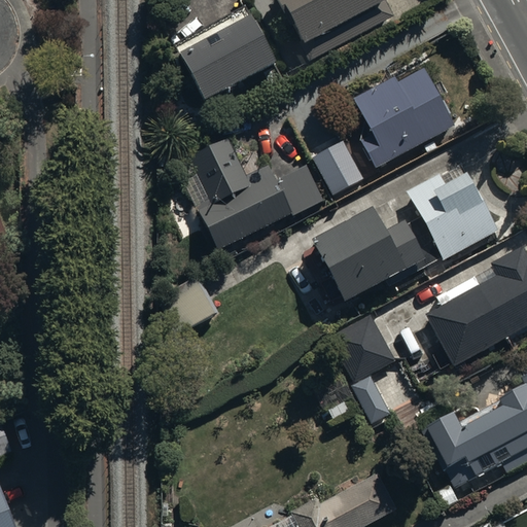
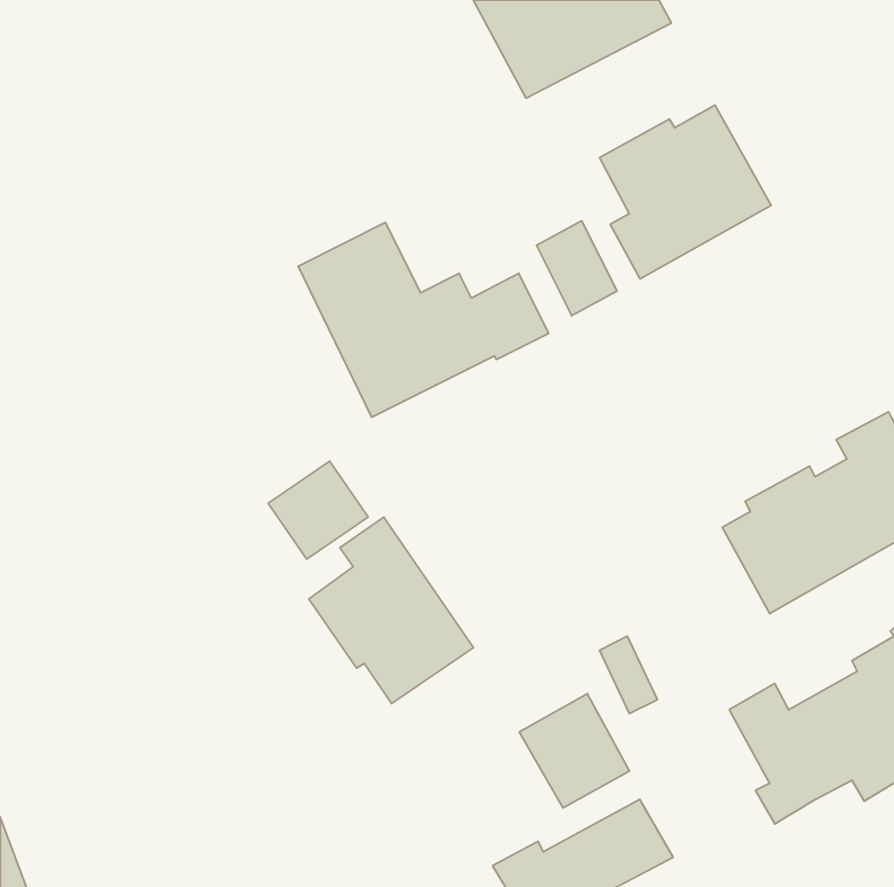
building: [179,15,277,100] -> none
building: [313,165,499,297] -> none
building: none -> [309,517,473,704]
building: [329,315,394,382] -> [519,694,630,808]

